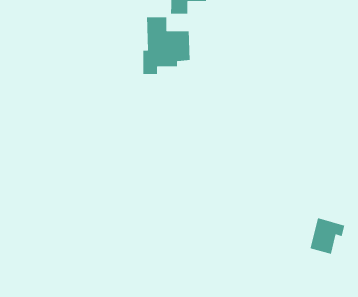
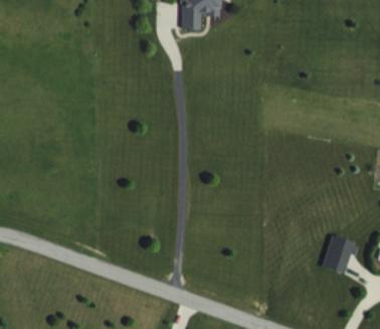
building: [143,16,191,75] -> none

